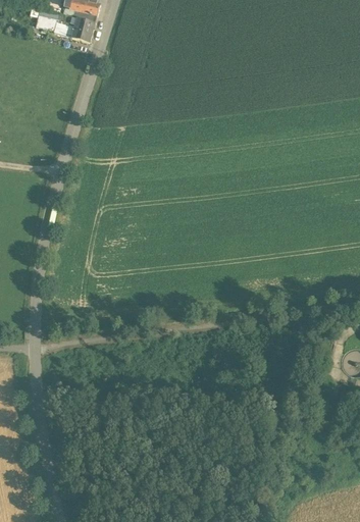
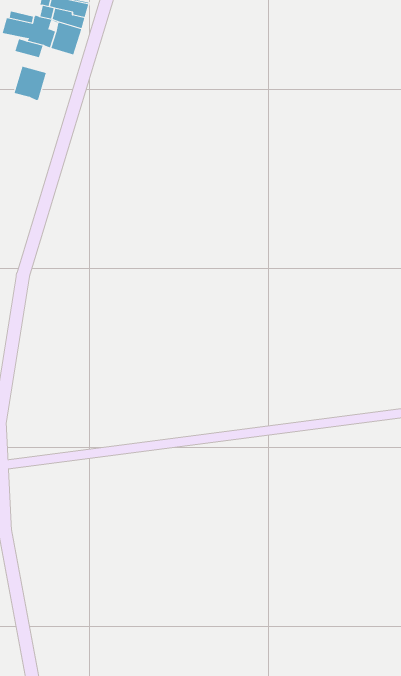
building: none -> [14,66,47,101]

